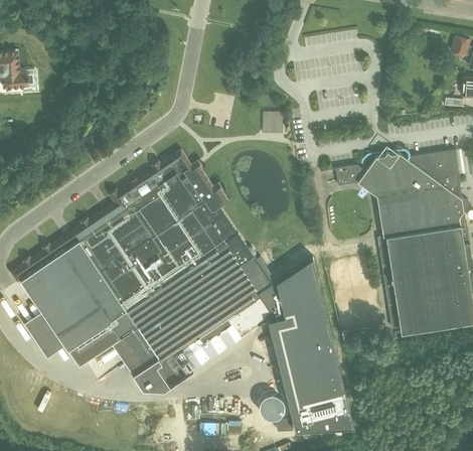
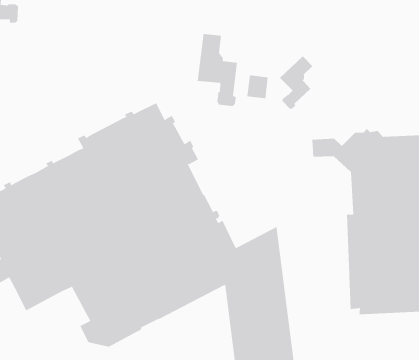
building: none -> [197,33,238,107]
building: none -> [279,56,313,110]

